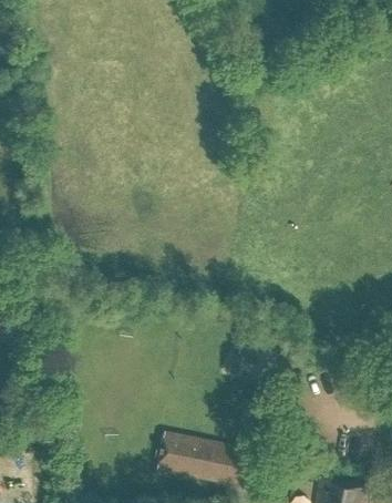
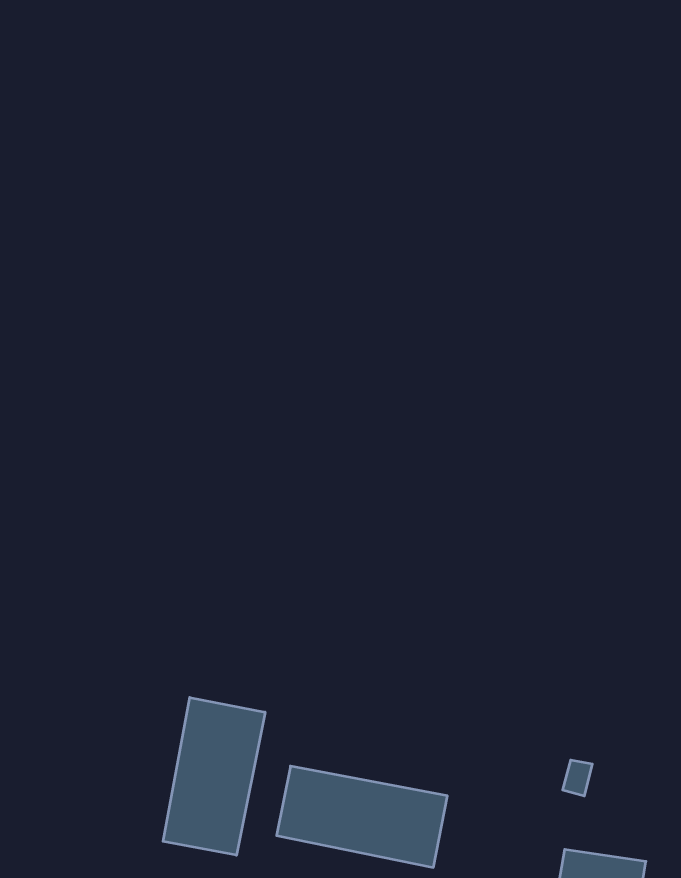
building: none -> [163,697,265,855]

